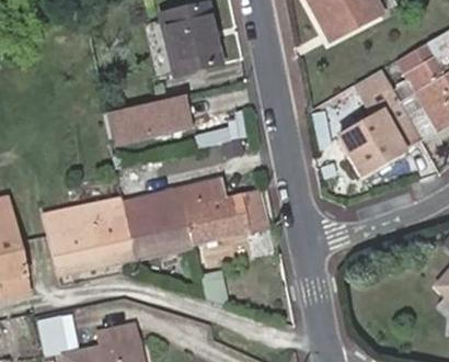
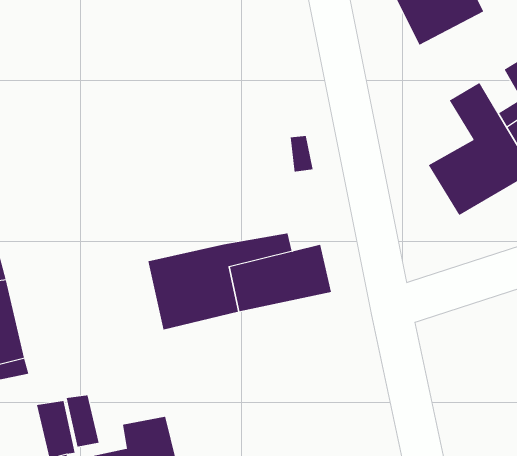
building: [161,10,218,78] -> none
building: [103,99,185,145] -> none
building: [46,202,133,275] -> none

